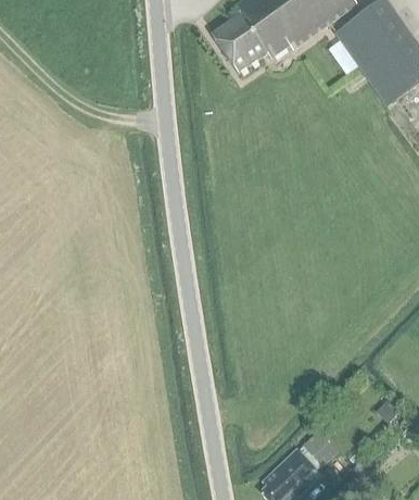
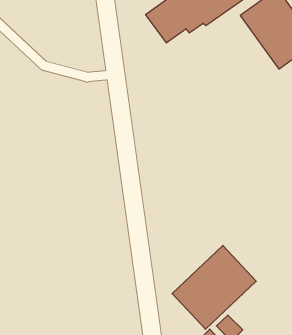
building: none -> [172,245,256,329]

